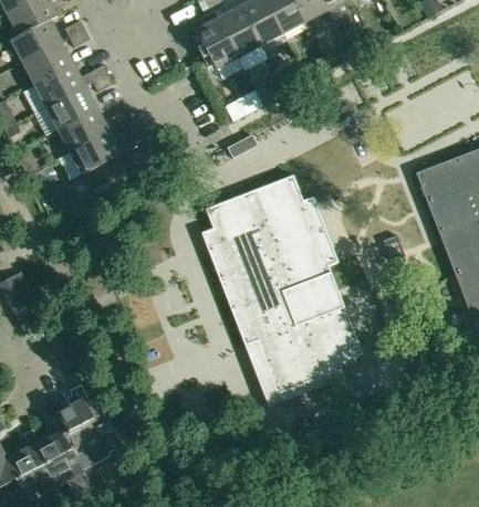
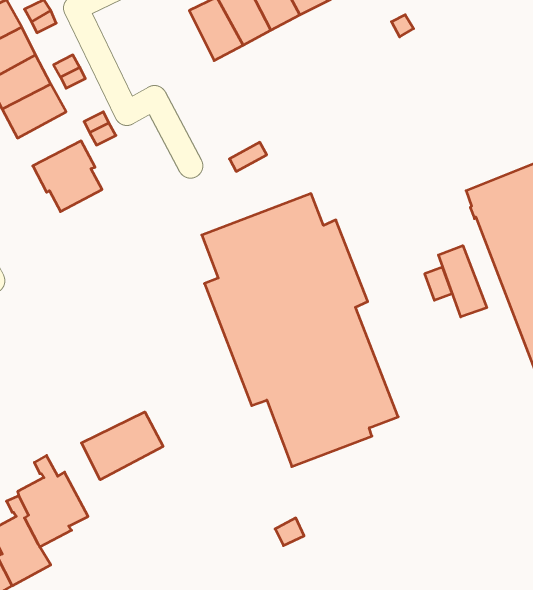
building: [58,109,108,152] -> none
building: none -> [438,246,487,317]
building: none -> [81,412,163,480]

